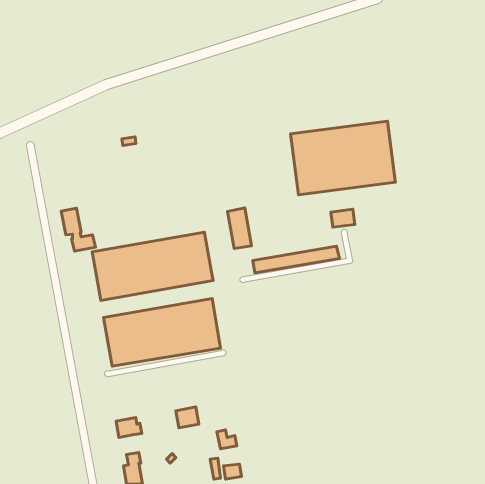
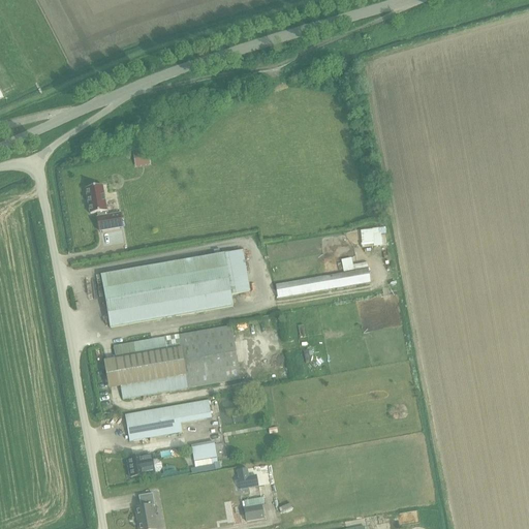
building: [291,121,396,195] -> none
building: [228,208,251,249] -> [222,249,248,293]
building: [61,208,95,251] -> [85,184,122,230]
building: none -> [124,400,203,443]

